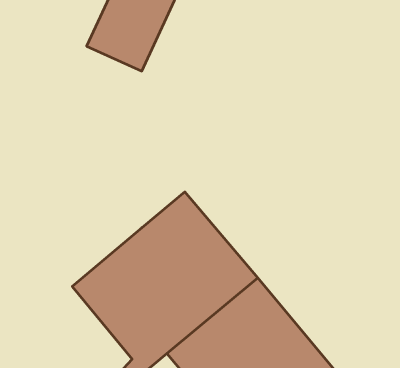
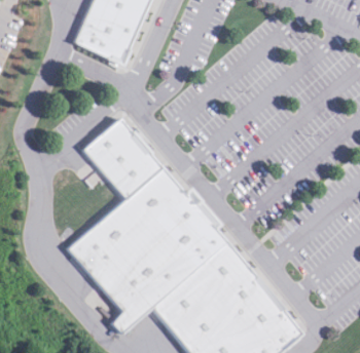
building: none -> [82,117,160,197]

